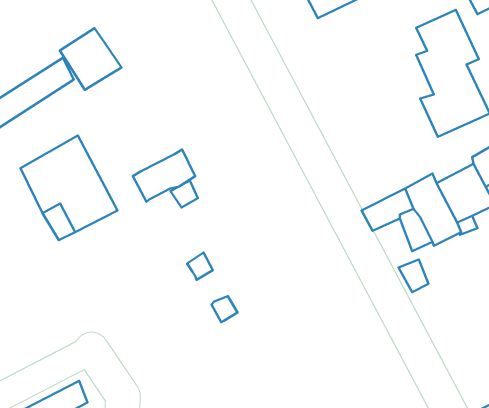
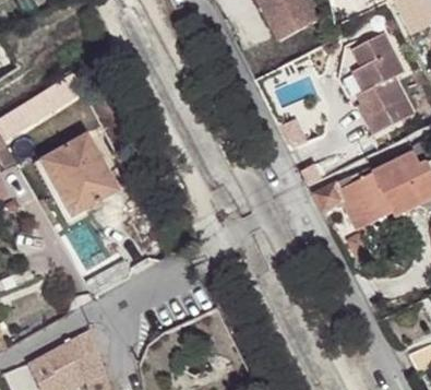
building: [60,28,121,90] -> none
building: [133,149,195,202] -> none

